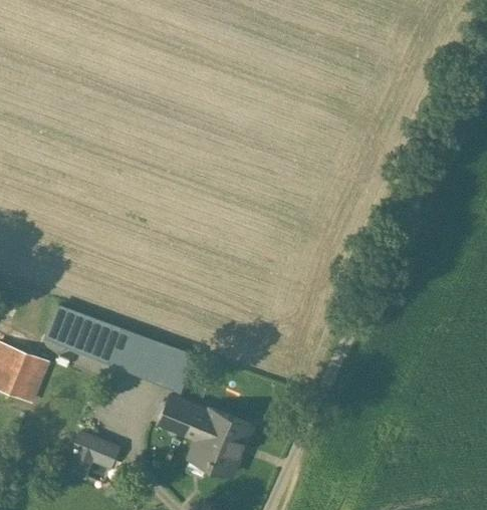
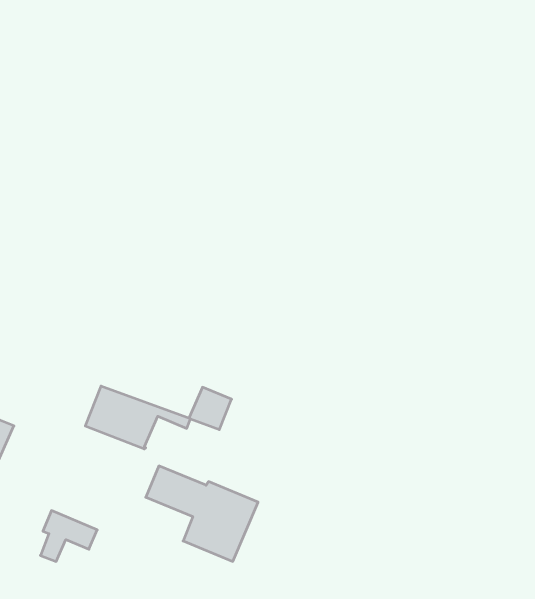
building: [45,306,120,362] -> none
building: [157,354,192,390] -> [189,387,232,430]

